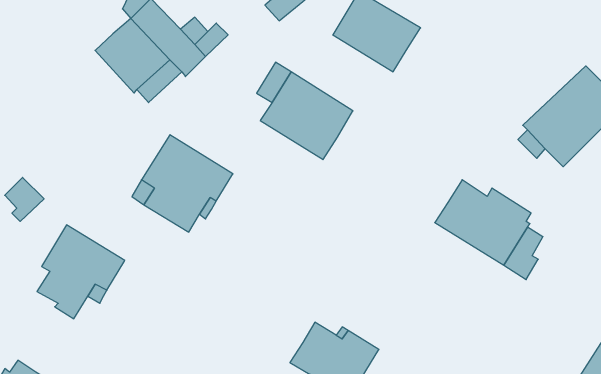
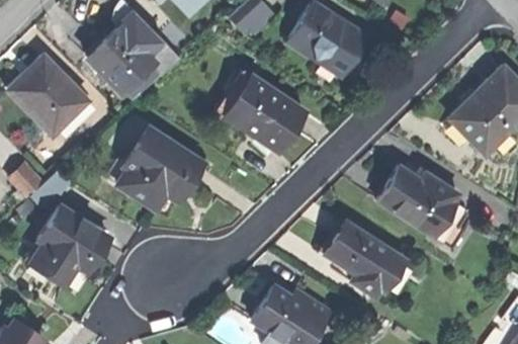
building: none -> [10,53,86,133]
building: none -> [326,223,403,298]

